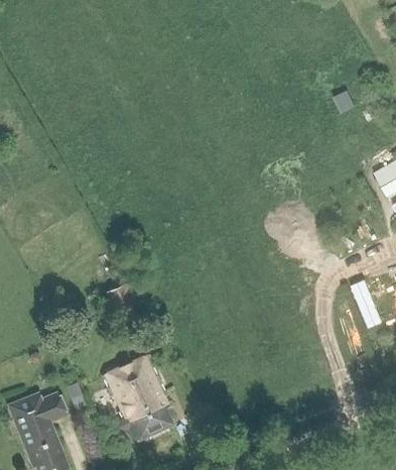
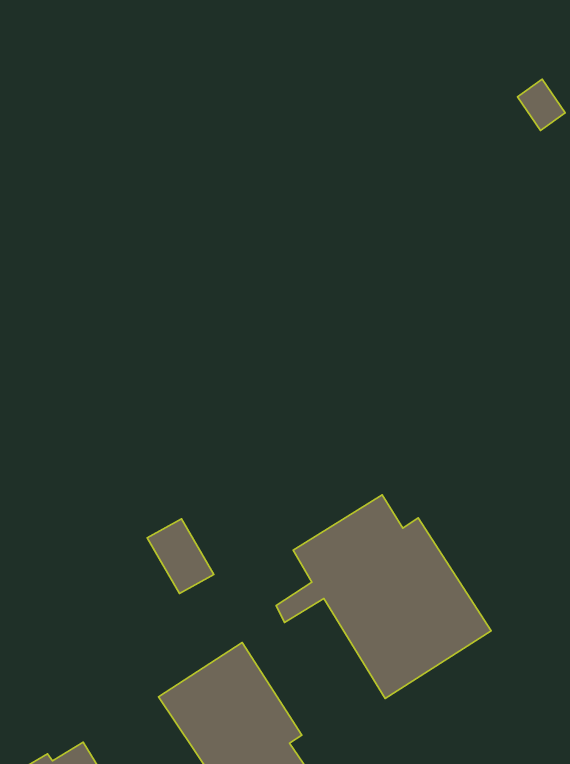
building: none -> [276,495,491,698]

